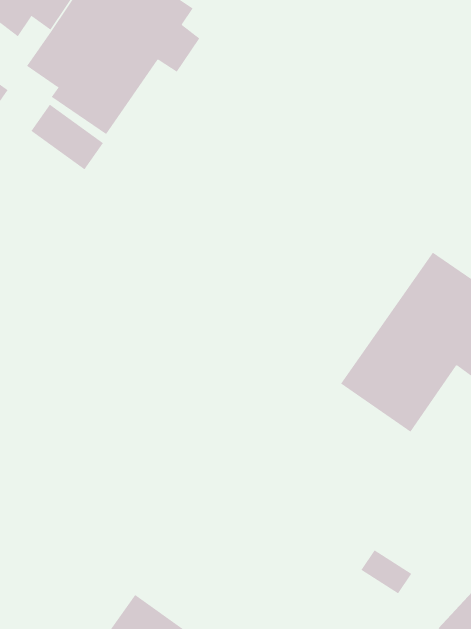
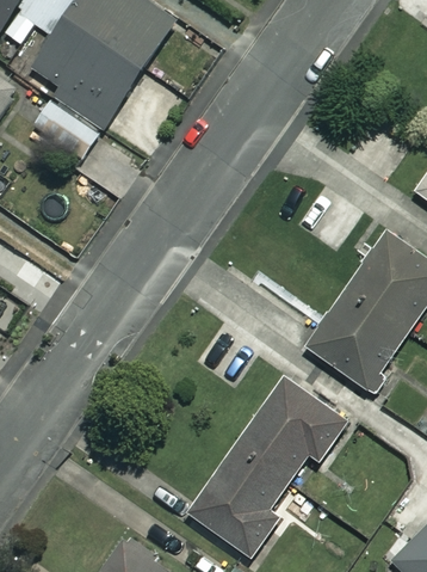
building: none -> [188,379,344,558]

